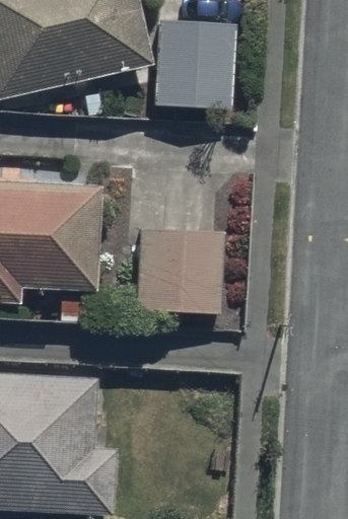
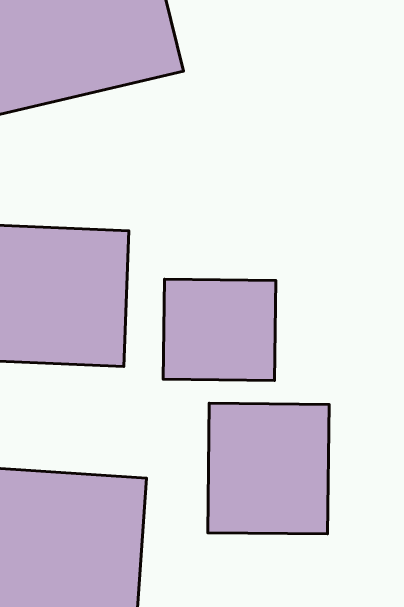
building: [152,15,237,108] -> none
building: none -> [208,403,329,534]

